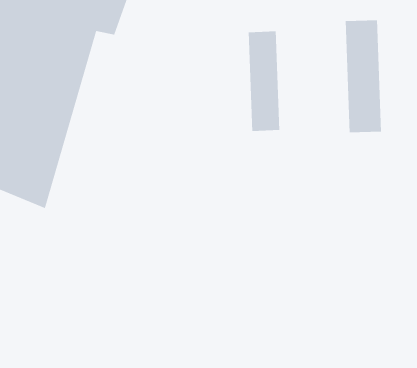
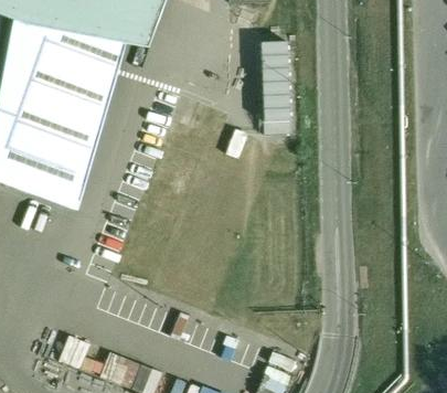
building: [345,19,382,133] -> none

